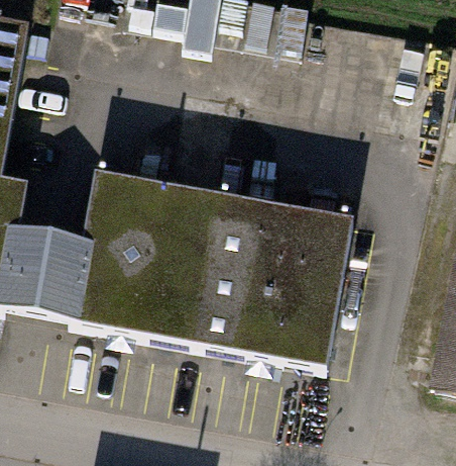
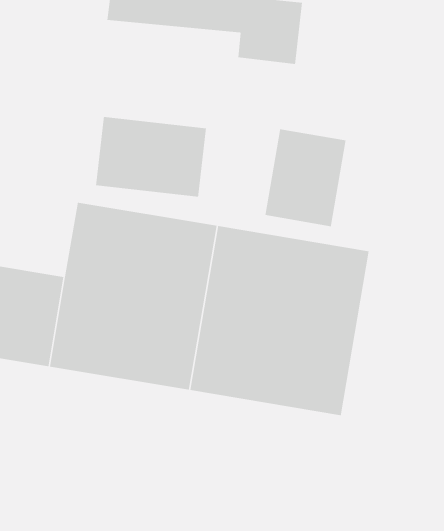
building: none -> [95,116,207,198]
building: none -> [265,128,346,227]

